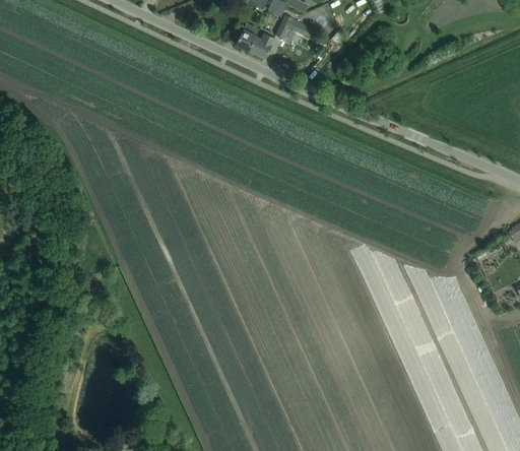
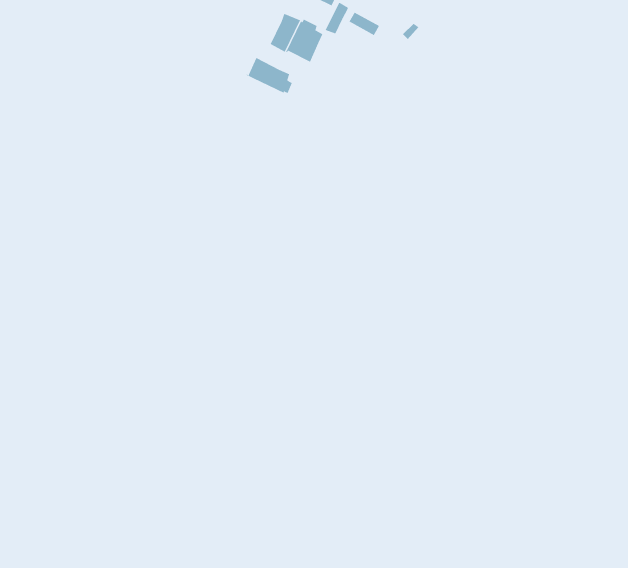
building: none -> [245,57,293,94]

